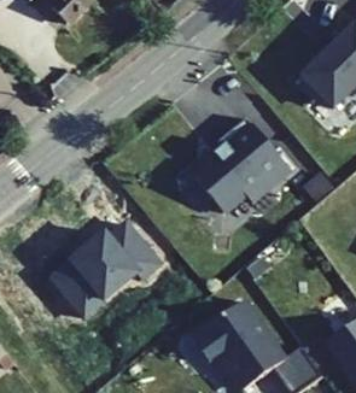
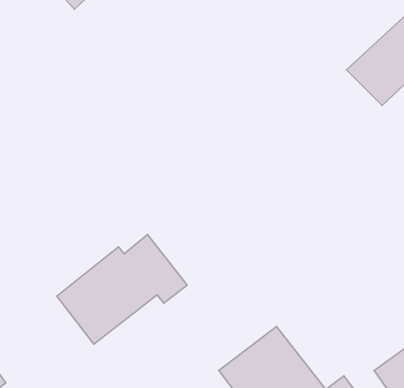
building: [189,115,290,209] -> none

